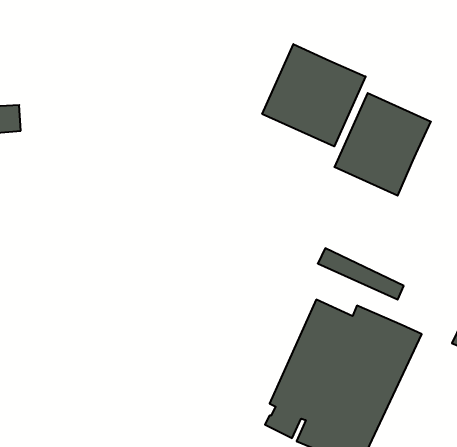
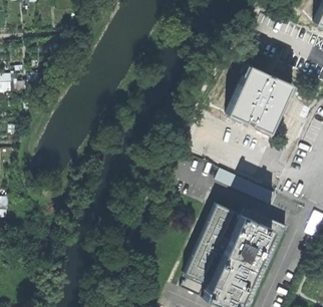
building: [262,44,366,146] -> none

